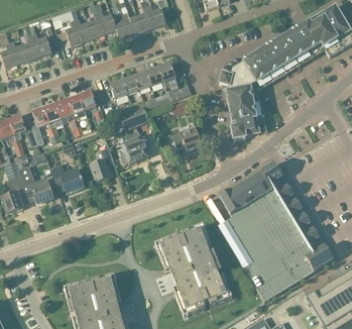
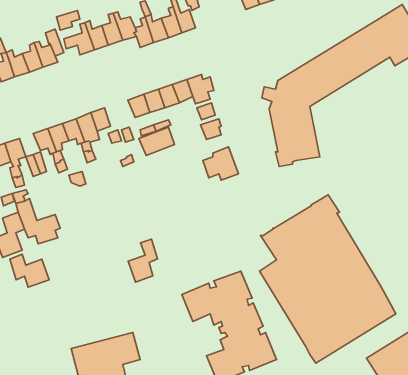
building: [120,130,149,162] -> none
building: [90,146,114,182] -> [128,239,158,282]
building: [51,164,84,192] -> [10,254,49,287]

